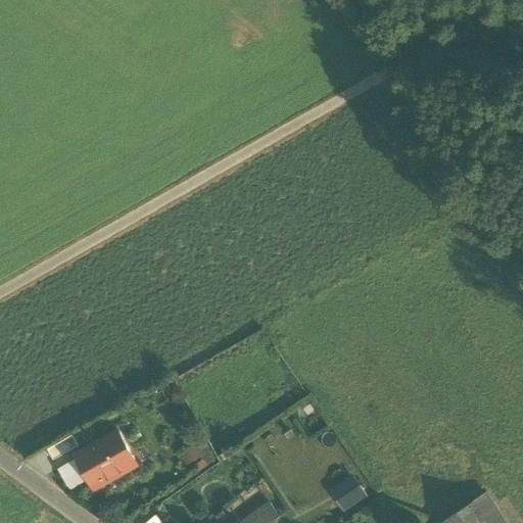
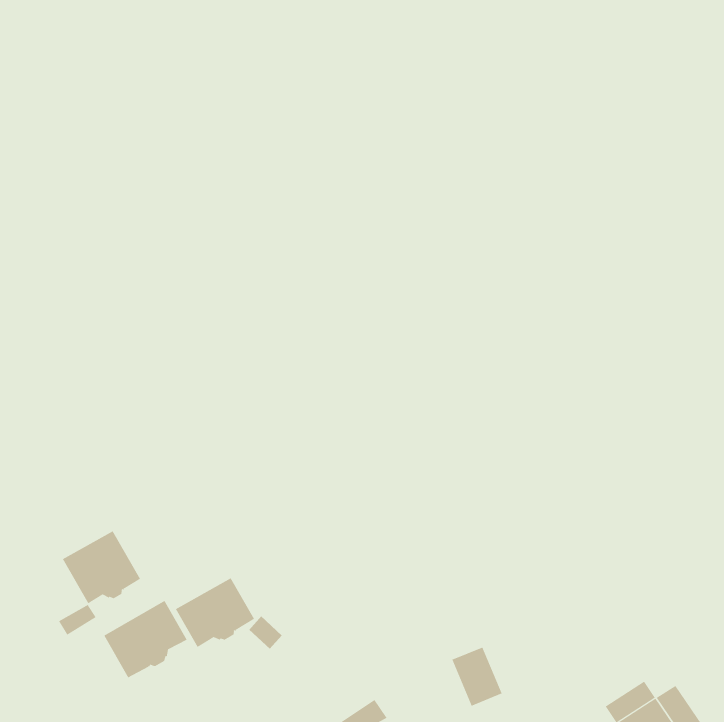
building: none -> [62,531,141,604]
building: none -> [175,578,255,648]

